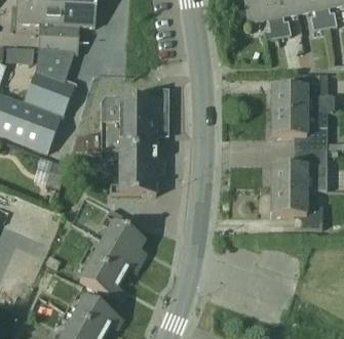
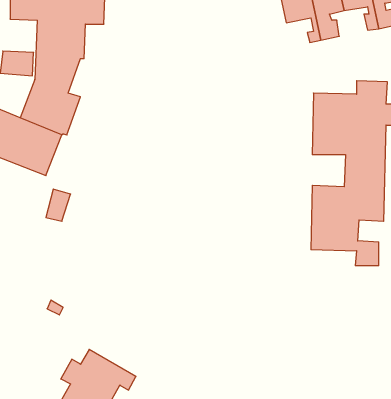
building: [74,100,164,202] -> none
building: [77,209,145,302] -> none

